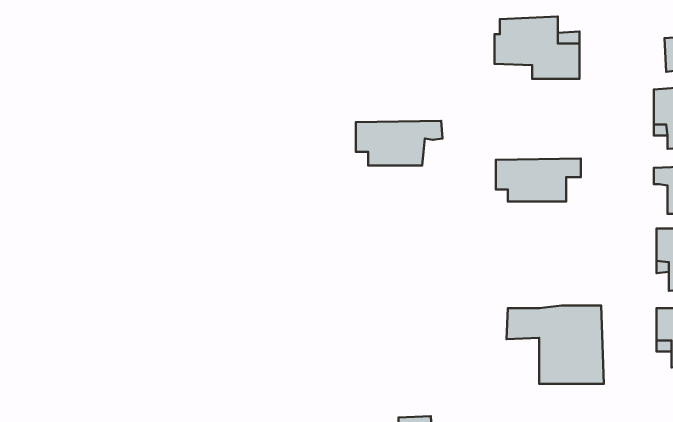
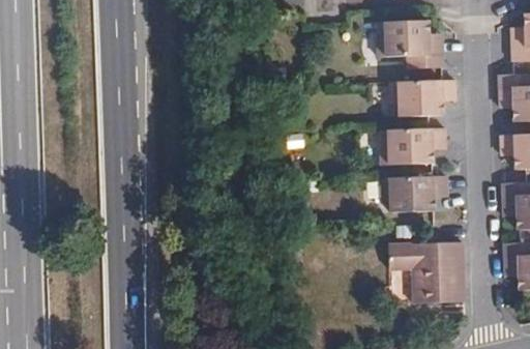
building: [356,121,442,165] -> [389,80,455,114]
building: none -> [382,175,448,208]

